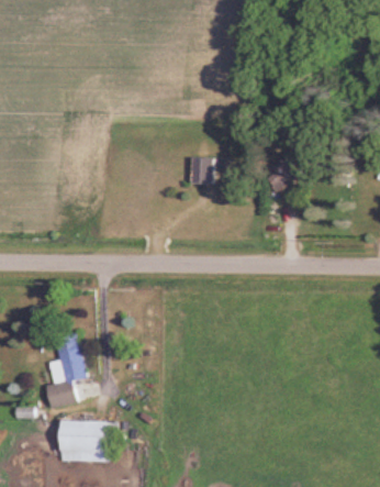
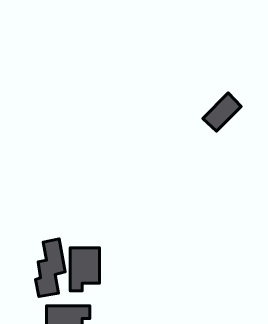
building: [192,157,213,184] -> none
building: none -> [70,248,100,291]

